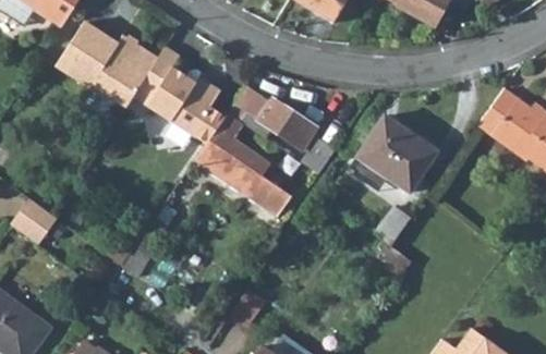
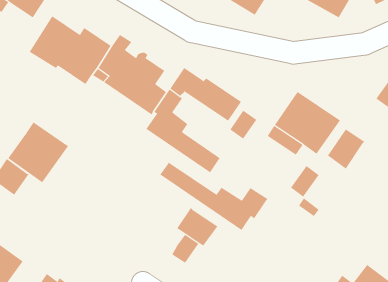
building: none -> [7,122,69,183]
building: none -> [327,128,365,170]
building: none -> [159,162,268,231]
building: none -> [176,207,218,246]

